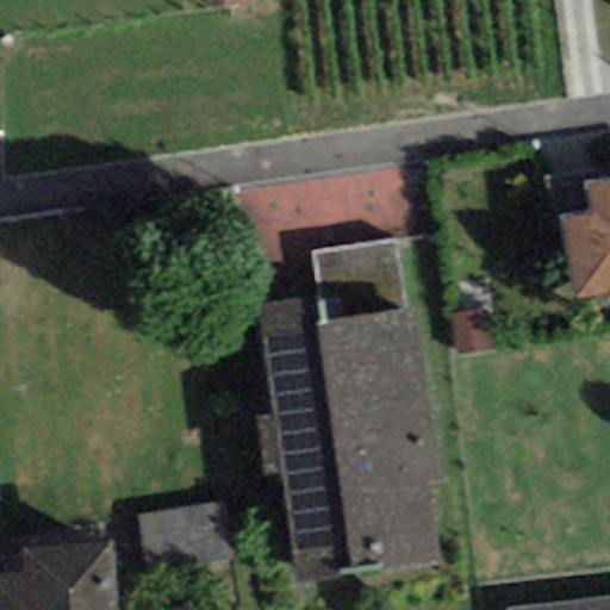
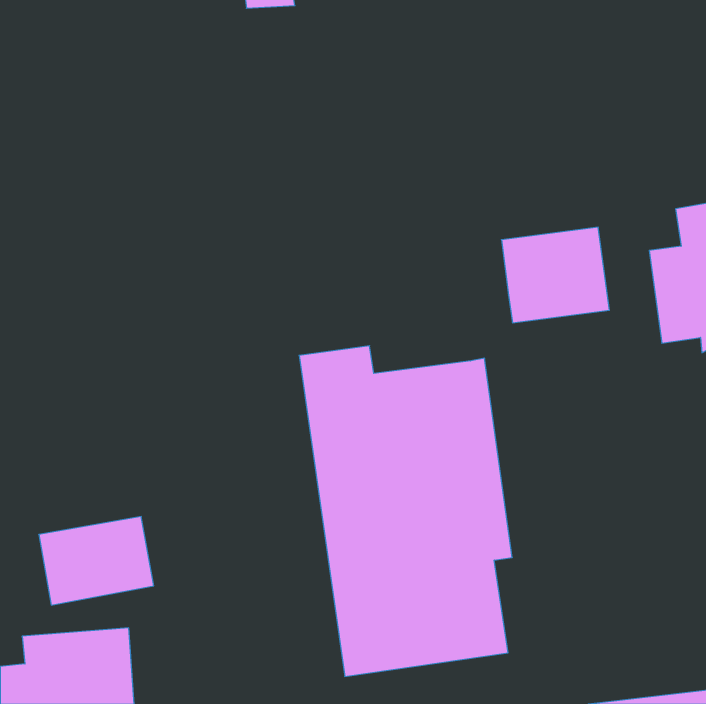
building: [313,239,406,322] -> [501,227,609,323]
building: [136,499,235,575] -> [39,517,154,605]

